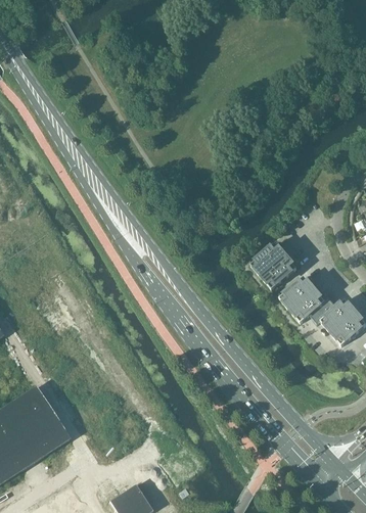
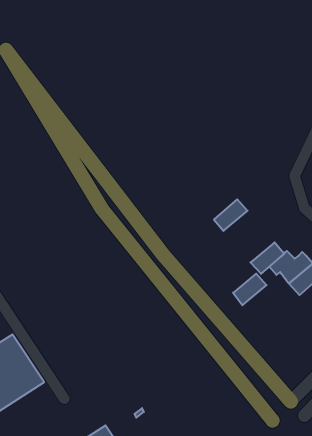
building: [261,255,296,289] -> none
building: [279,277,315,311] -> [233,274,267,305]

